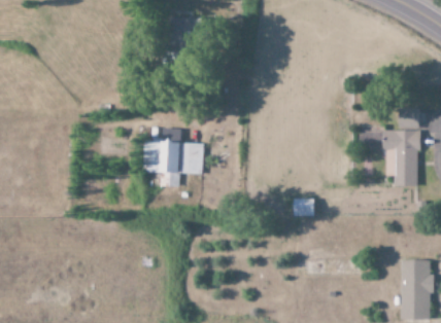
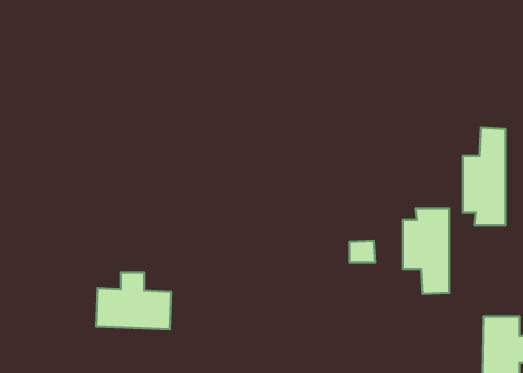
building: [143,129,203,174] -> [96,273,171,329]
building: none -> [403,208,449,294]

